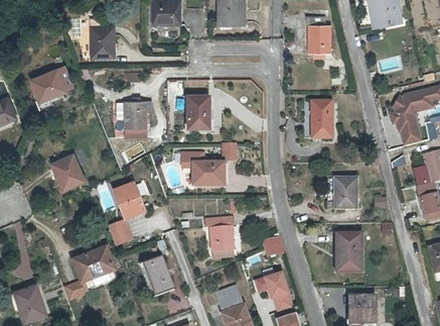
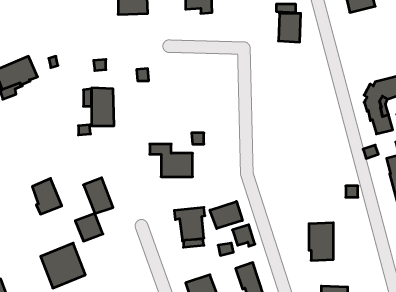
building: [89,28,113,60] -> none
building: [310,101,330,137] -> none
building: [186,103,207,137] -> none
building: [51,153,81,189] -> [32,178,62,214]
building: [334,177,357,207] -> none
building: none -> [210,201,242,229]
building: [144,255,176,295] -> none

